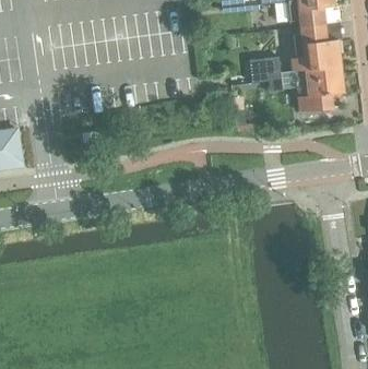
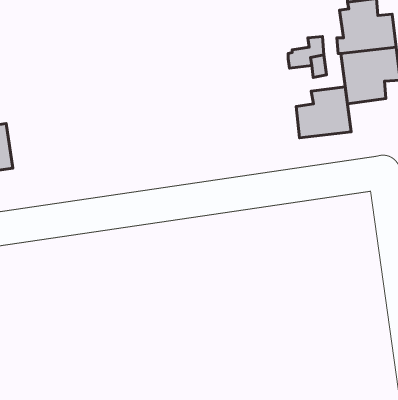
building: none -> [296,87,351,138]

